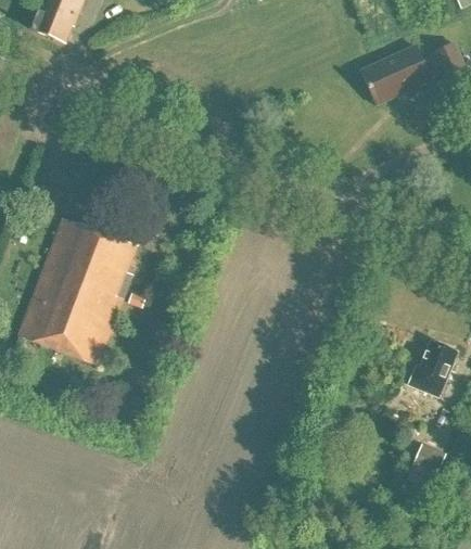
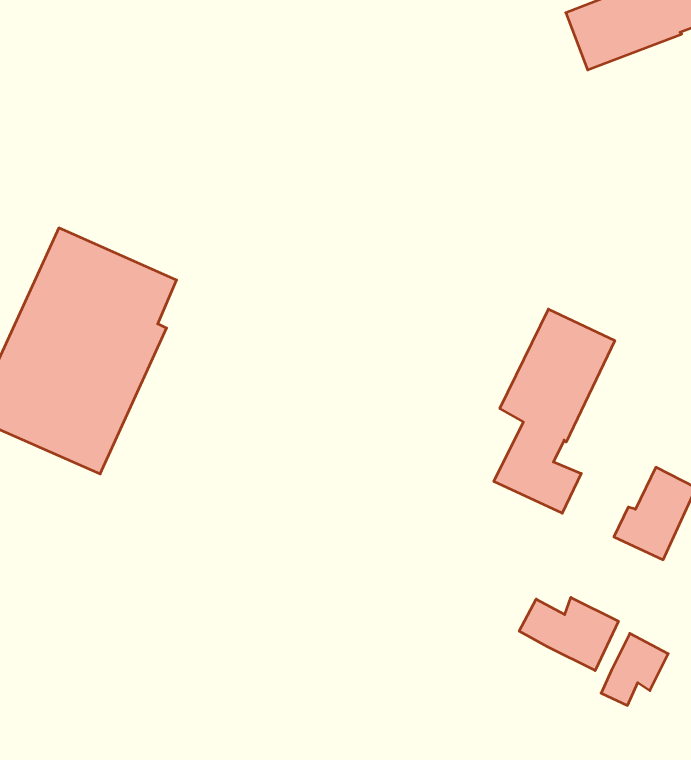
building: none -> [494,309,615,513]
building: none -> [519,597,618,671]

